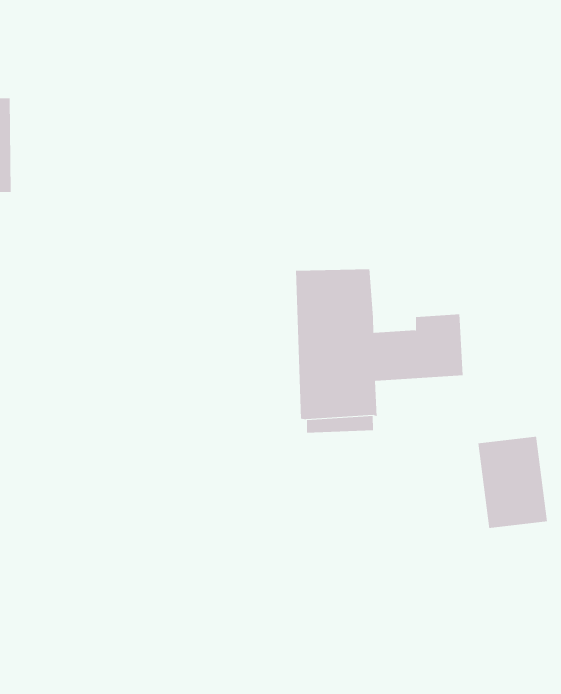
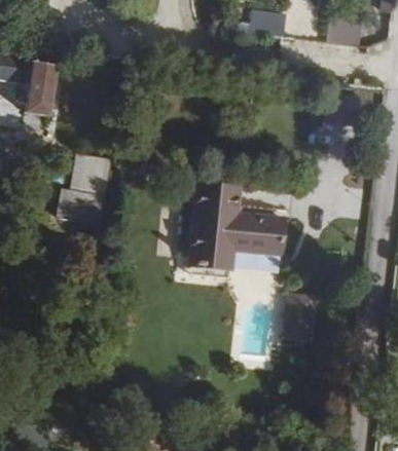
building: none -> [63,152,113,227]

